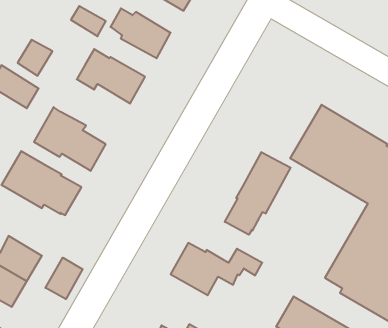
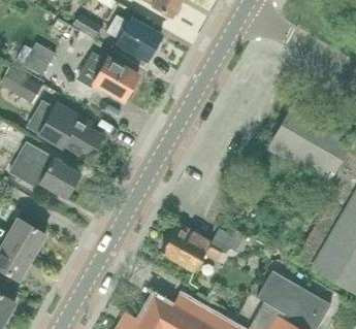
building: [225,152,291,235] -> none
building: [45,258,83,299] -> none

